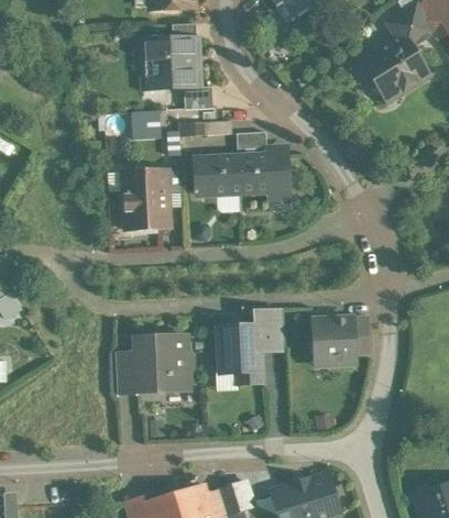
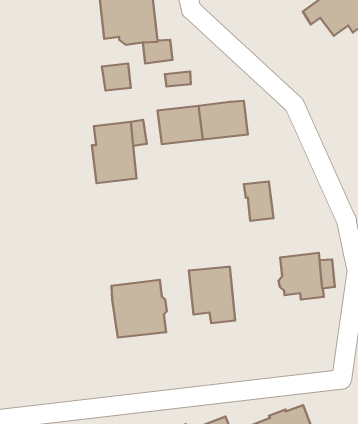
building: [236,132,270,157] -> none
building: [255,311,284,351] -> [244,181,273,221]
building: [114,353,138,394] -> none

